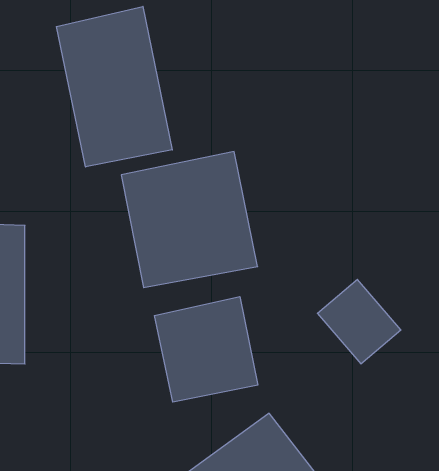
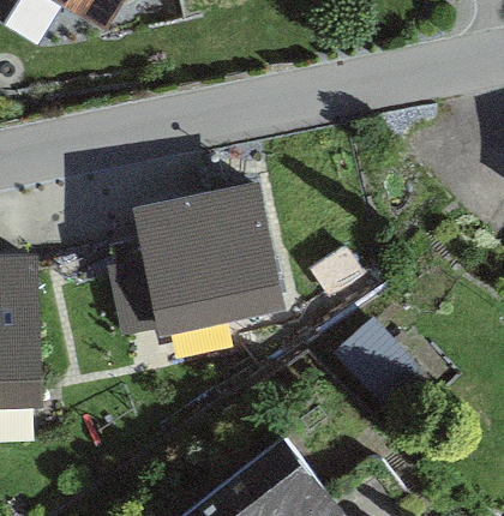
building: [56,6,172,167] -> none
building: [154,297,258,402] -> none

